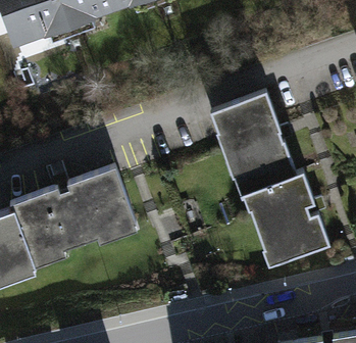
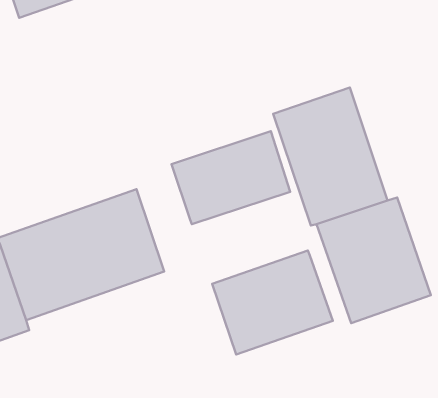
building: none -> [172,131,290,224]
building: none -> [212,251,333,355]

